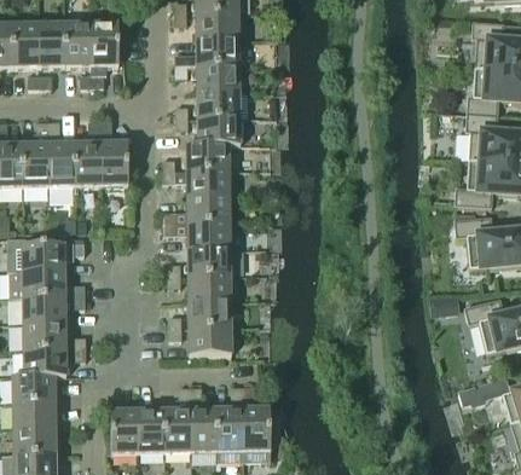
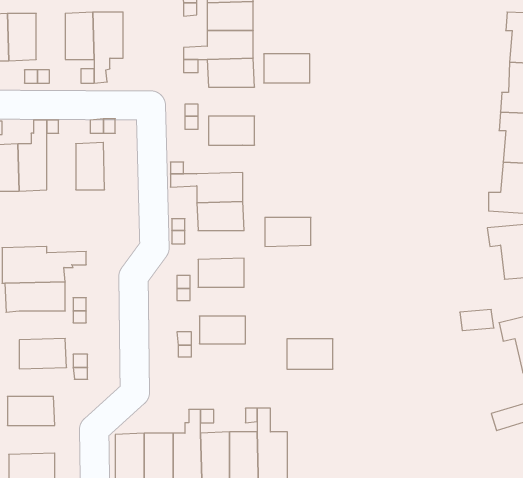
building: [39,24,65,66] -> none
building: [197,92,239,118] -> [264,54,310,83]
building: [100,143,128,186] -> none
building: [48,144,75,186] -> none
building: [186,144,228,172] -> none
building: [187,224,230,250] -> [265,217,311,246]
building: [187,276,231,302] -> none
building: [23,297,65,324] -> none
building: [189,328,231,355] -> [287,339,333,369]
building: [23,349,66,376] -> none
building: [12,402,56,429] -> none

